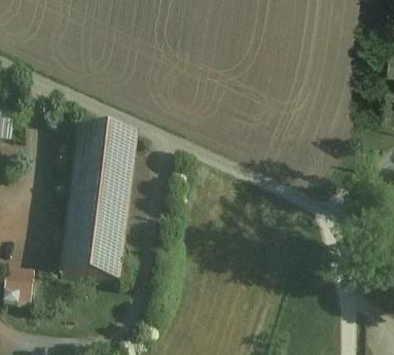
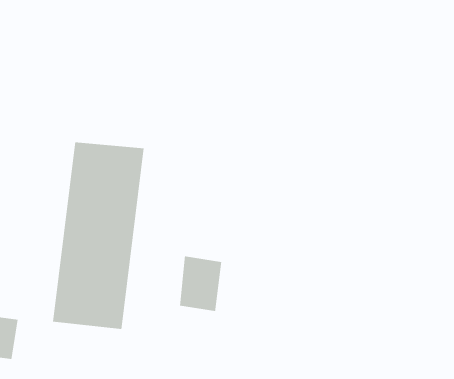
building: none -> [180,256,222,312]

